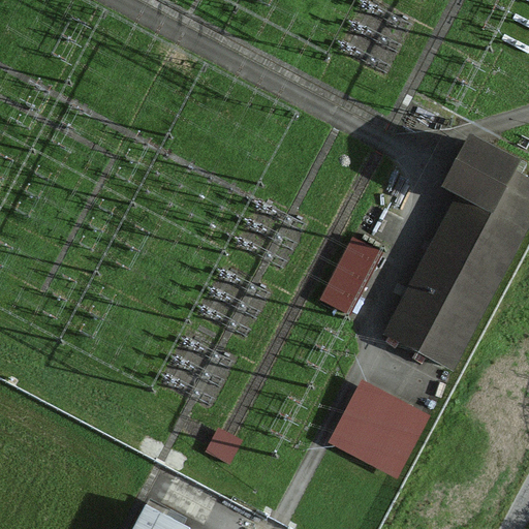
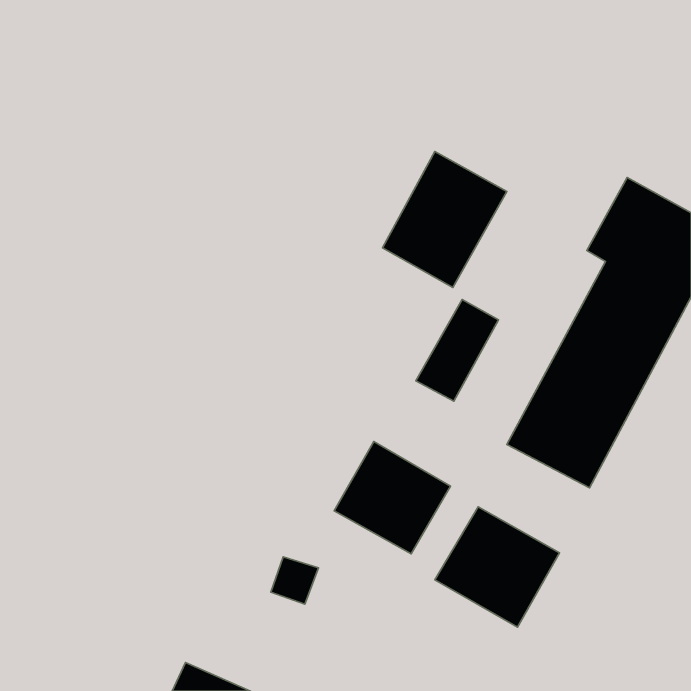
building: none -> [382,151,507,288]
building: none -> [334,442,450,554]

